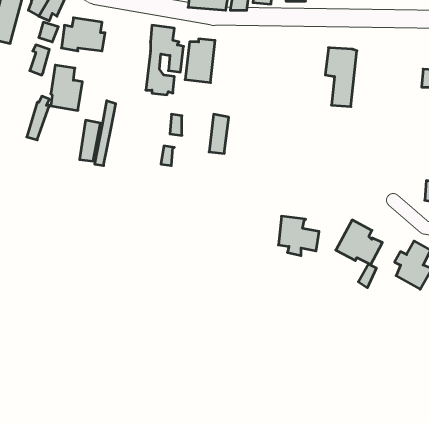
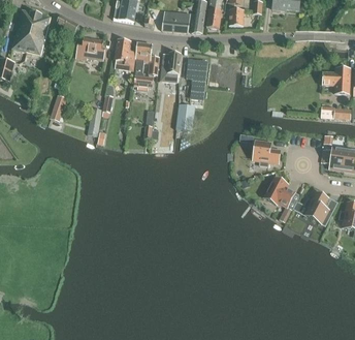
building: [325,48,357,107] -> [185,59,206,99]
building: [51,65,82,110] -> [115,39,136,70]
building: [278,216,319,256] -> [253,140,281,166]

